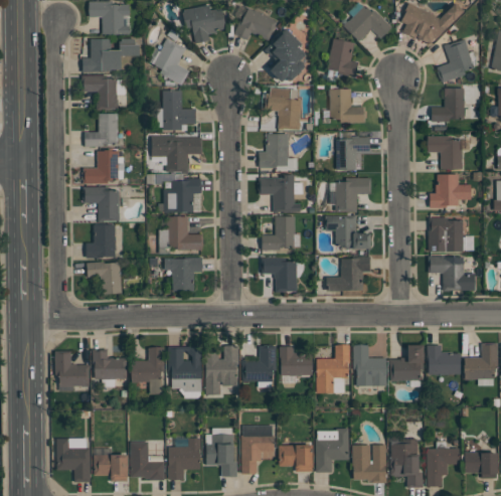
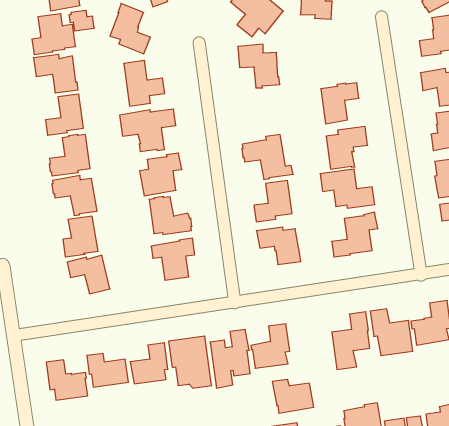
building: [328,89,366,122] -> none
building: [259,134,289,168] -> none
building: [279,346,313,375] -> [272,379,314,413]

